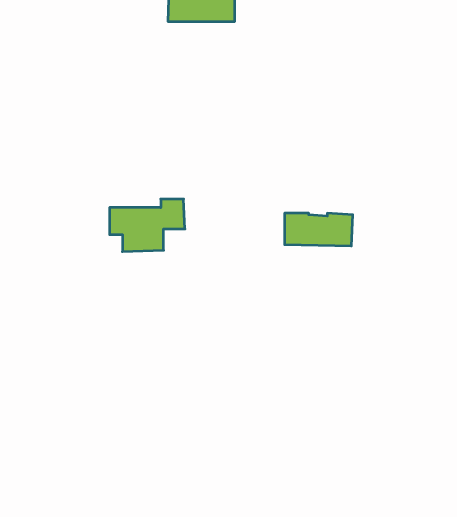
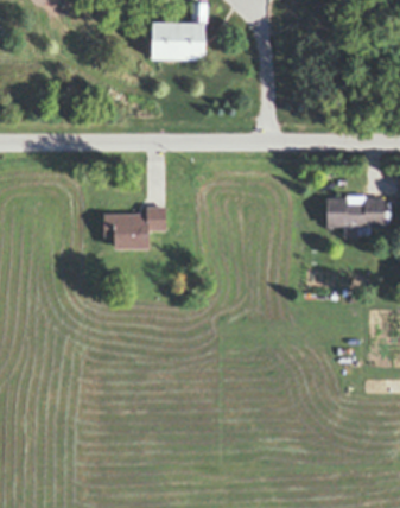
building: [285,213,353,246] -> [322,199,379,227]

